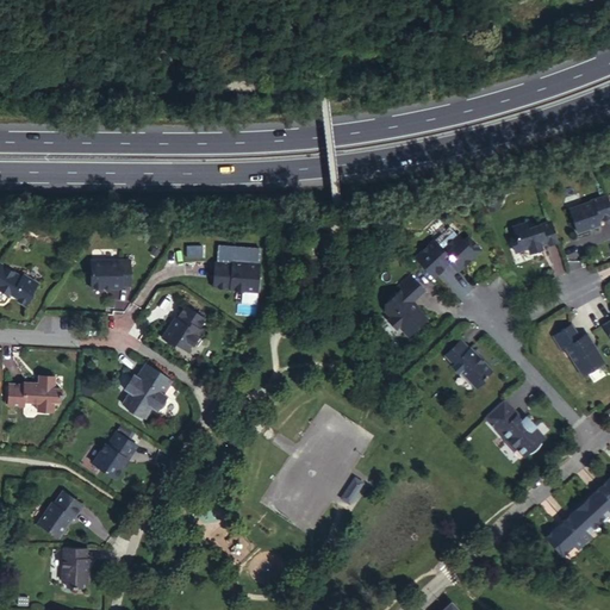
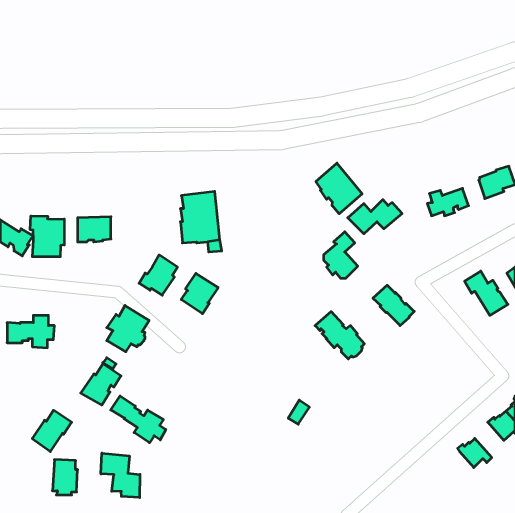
building: none -> [316,163,362,214]
building: none -> [30,216,64,257]
building: none -> [181,273,218,314]
building: [483,399,541,455] -> [315,312,364,359]
building: none -> [111,396,166,443]
building: [561,502,596,543] -> none
building: none -> [101,453,140,498]

